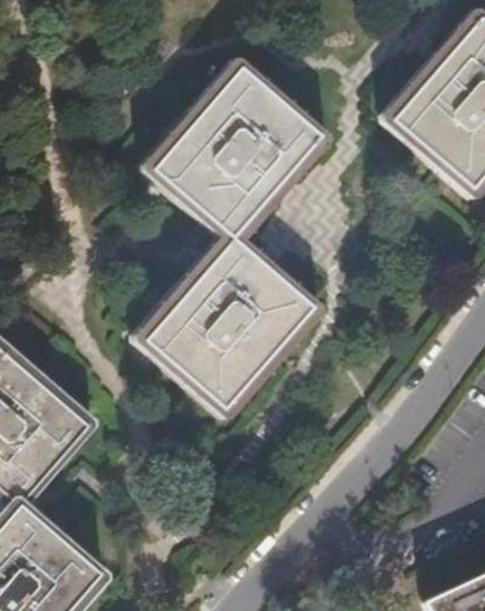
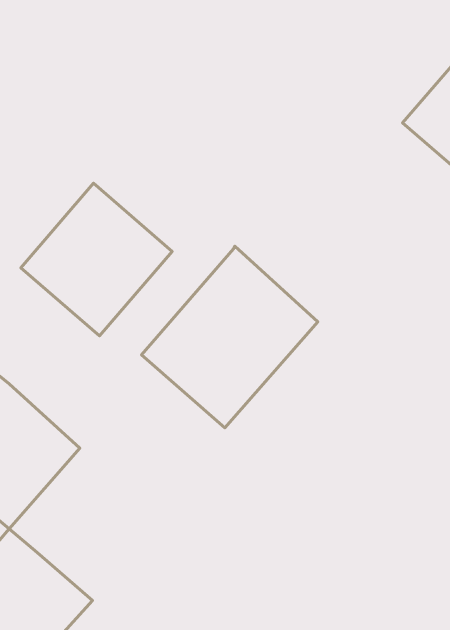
building: [153,63,320,236] -> none
building: none -> [21,183,172,336]

